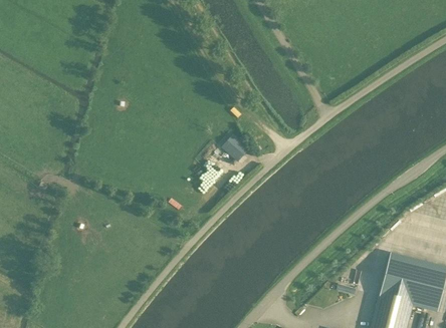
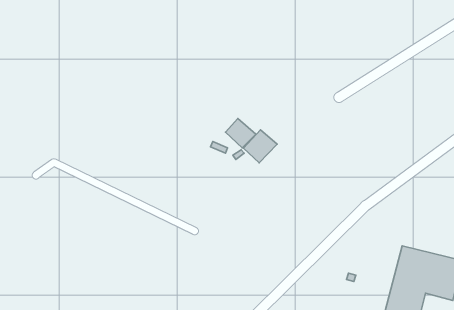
building: none -> [243,130,277,163]

